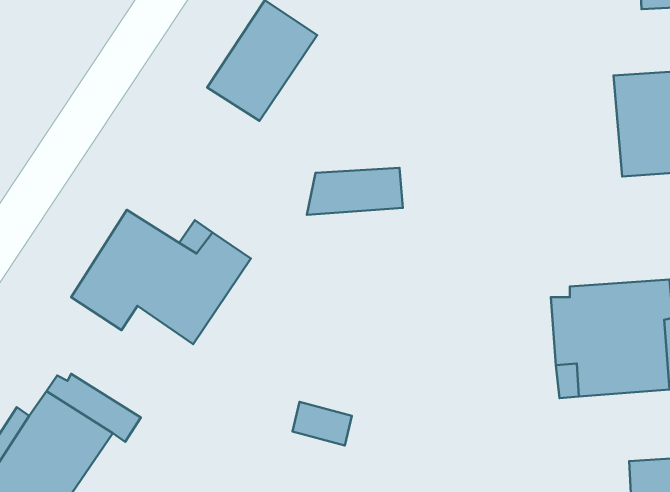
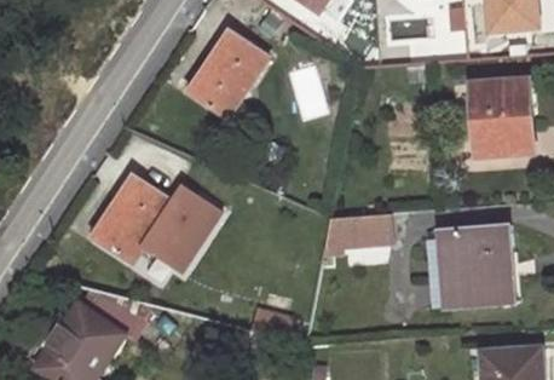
building: [307,168,403,215] -> [322,214,388,247]

